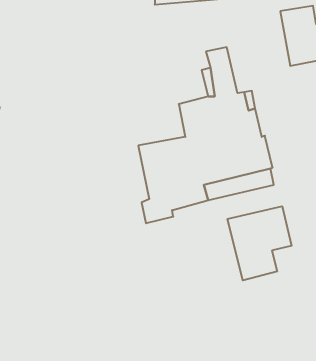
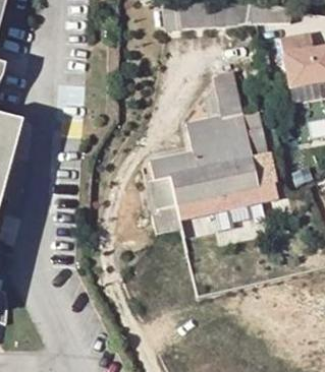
building: [228,206,292,280] -> none

